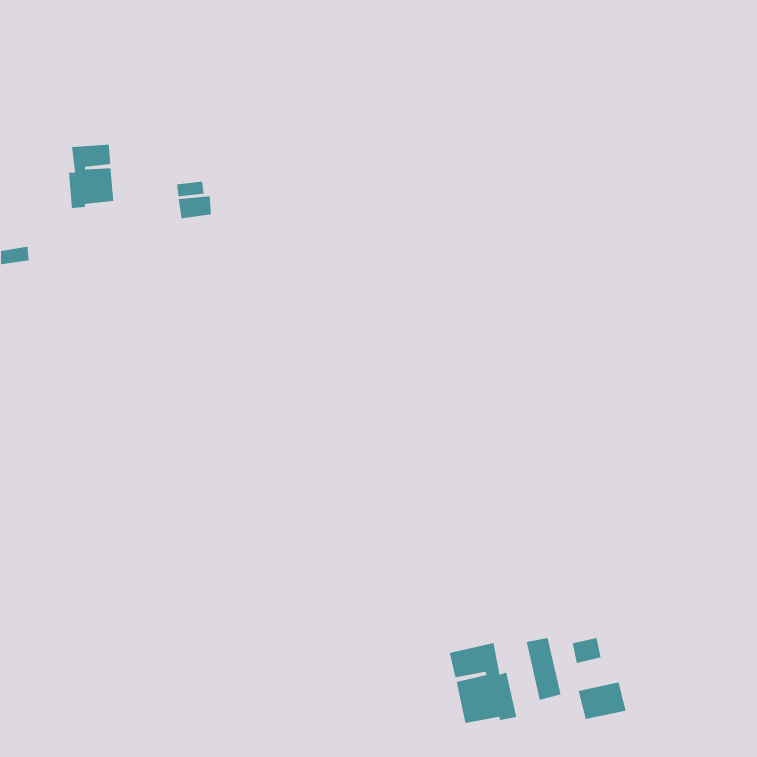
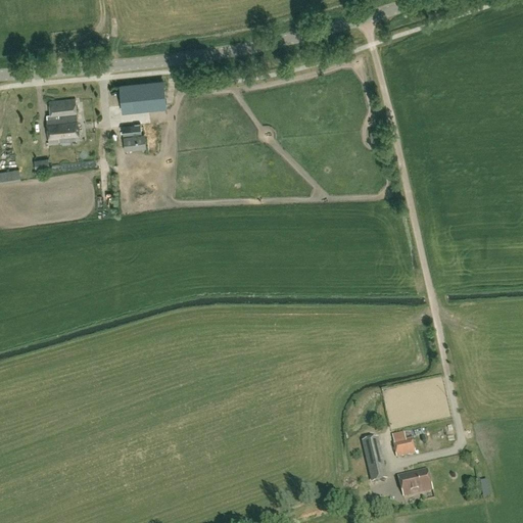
building: none -> [121,82,165,110]
building: [449,642,517,724] -> none

